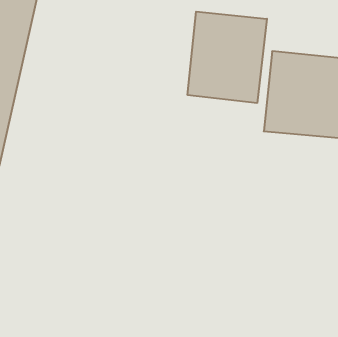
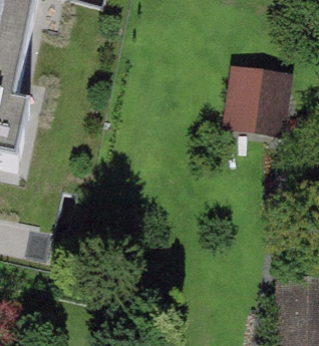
building: [188,12,267,103] -> none

